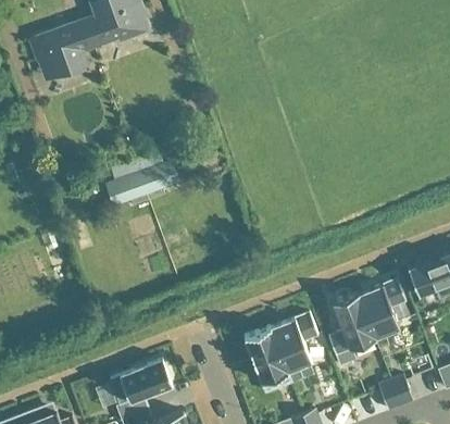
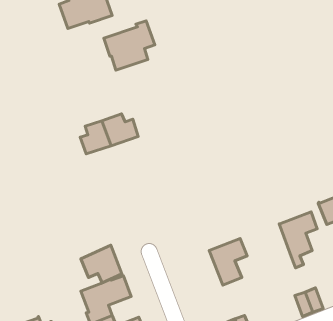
building: [28,17,92,79] -> [104,21,155,70]
building: [327,291,374,365] -> none
building: none -> [81,245,122,283]
building: [243,326,291,392] -> none

